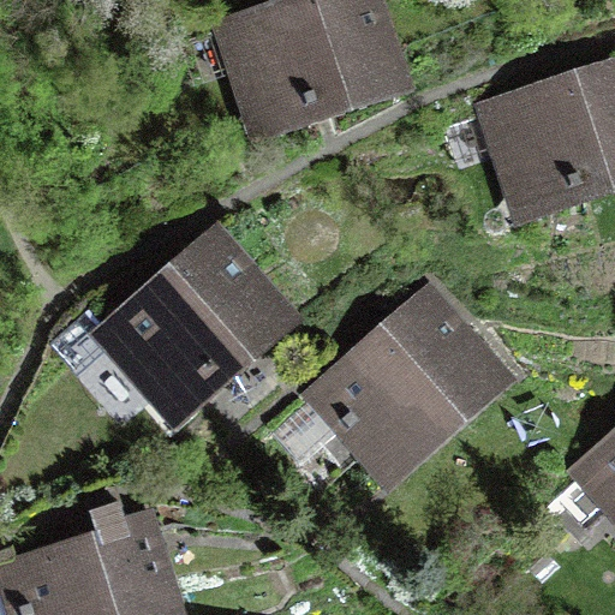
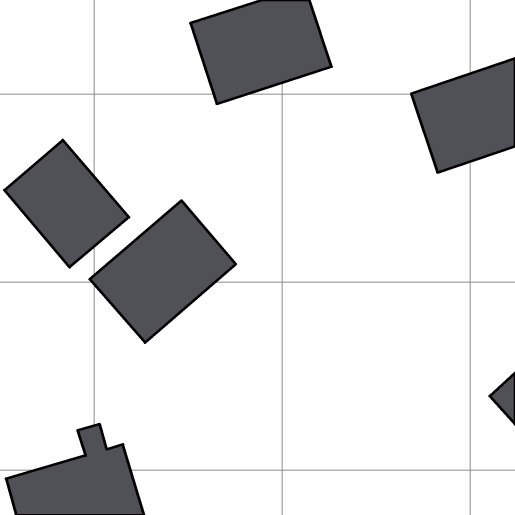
building: none -> [4,140,129,267]
building: [318,300,492,470] -> none

